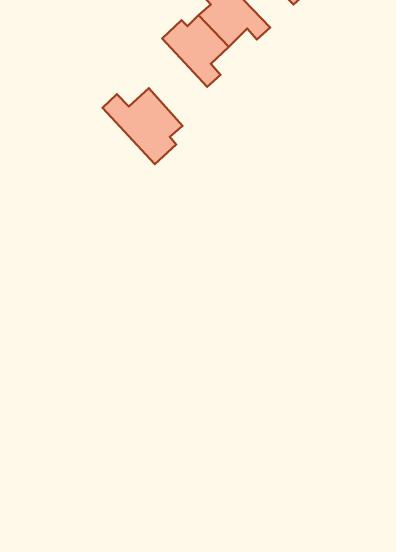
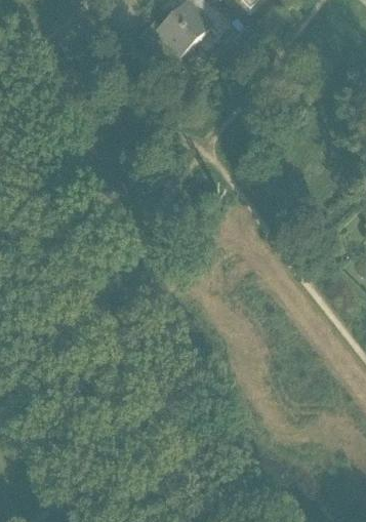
building: [103,88,183,164] -> none

